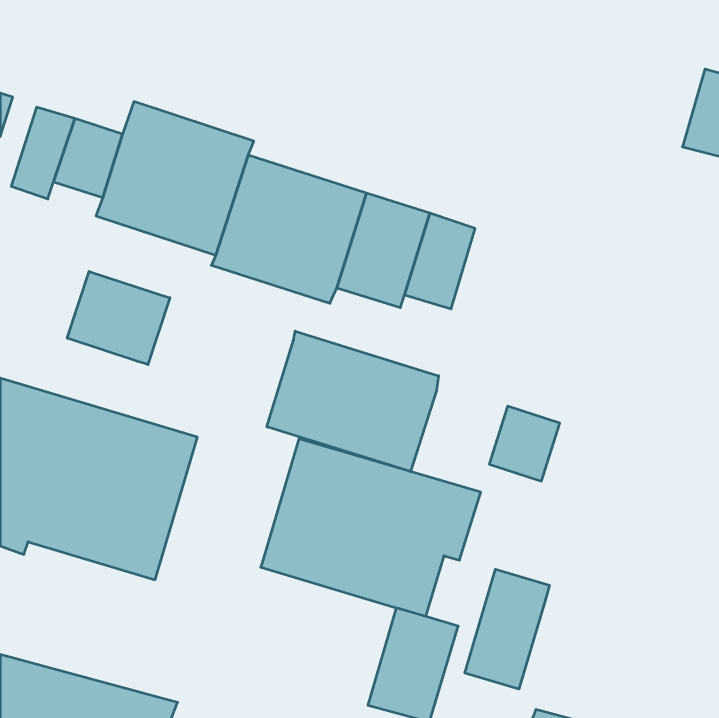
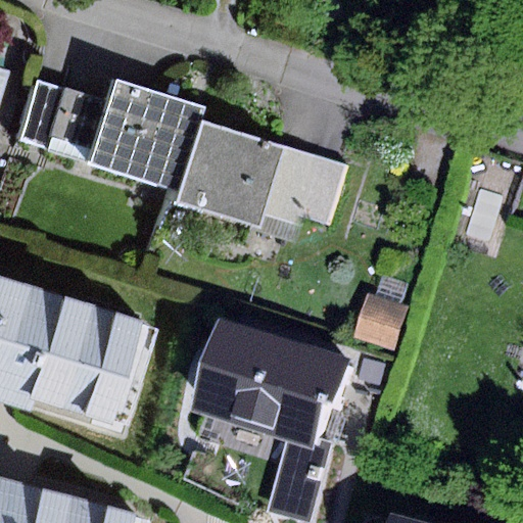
building: [67,271,170,365] -> none
building: [267,331,439,472] -> none
building: [465,569,549,689] -> none

